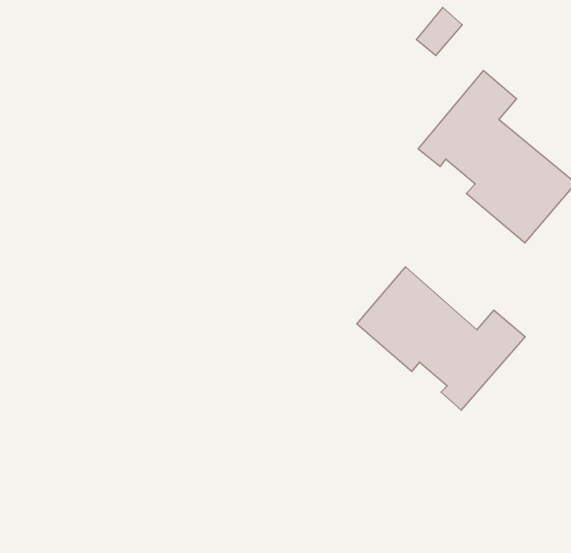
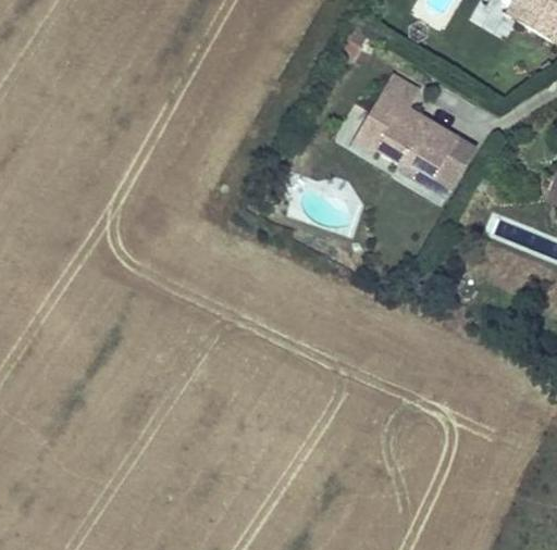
building: [357,267,525,410] -> none

